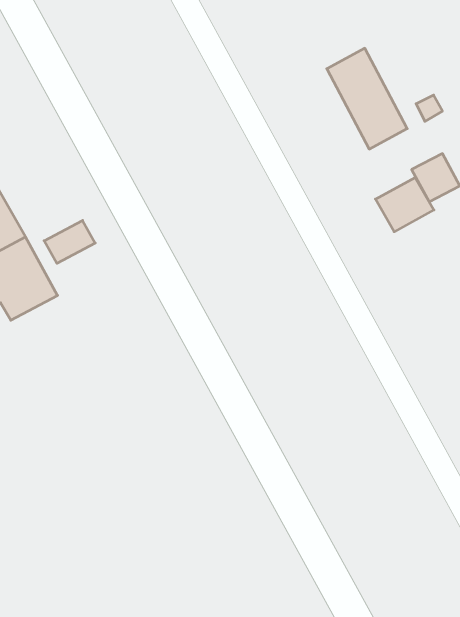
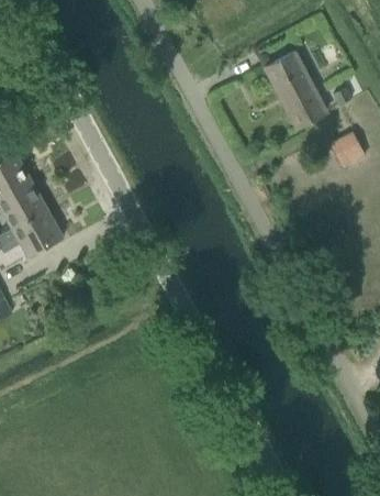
building: [375,177,434,232] -> none
building: [44,220,95,263] -> none

